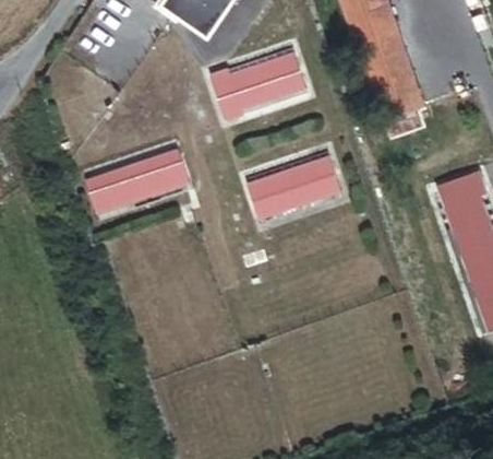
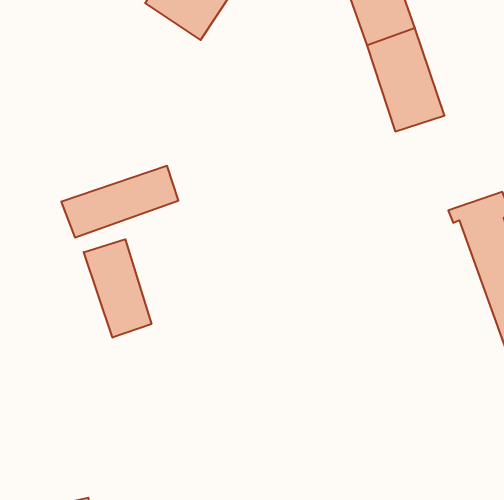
building: [209,52,305,119] -> none
building: [246,155,342,216] -> none
building: none -> [84,239,151,338]

